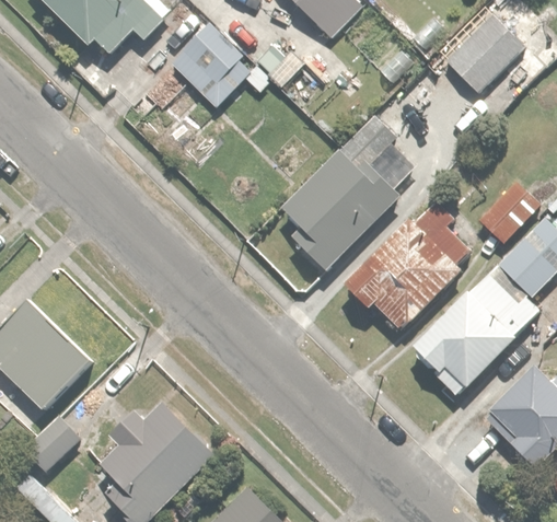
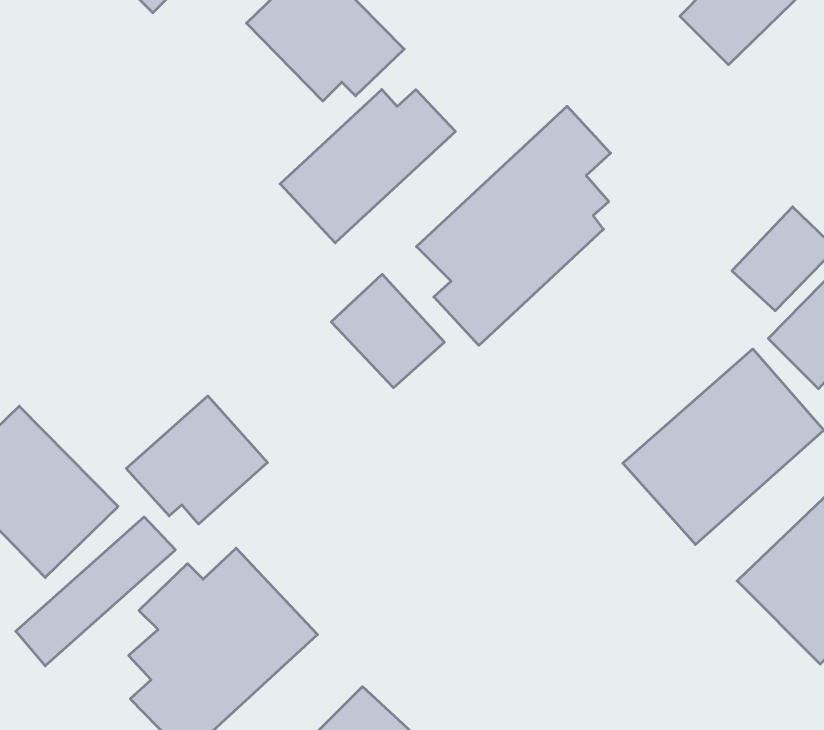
building: none -> [280,89,455,243]
building: [346,201,481,330] -> none
building: none -> [331,274,444,388]
building: none -> [126,396,268,524]

